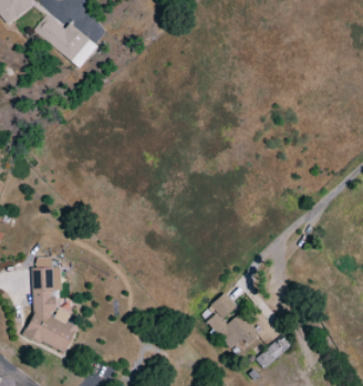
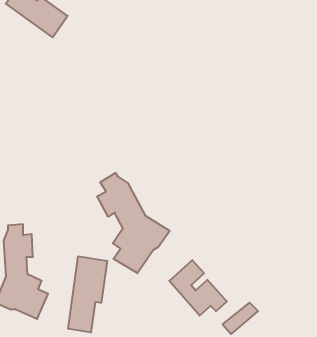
building: none -> [97,173,170,273]
building: none -> [68,256,107,333]

